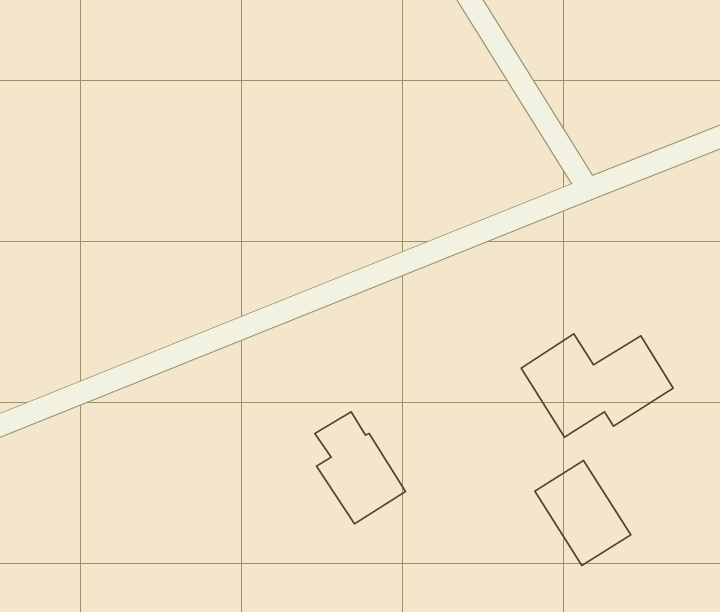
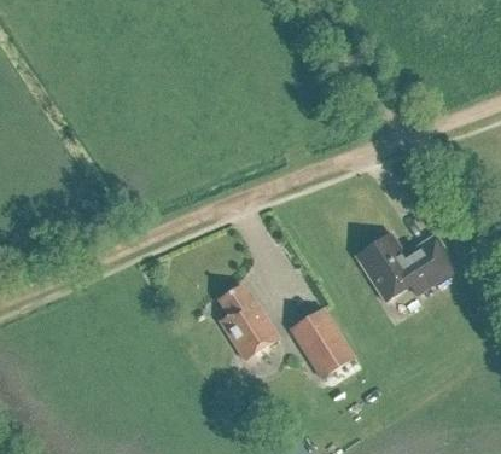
building: [535,461,631,566] -> [291,308,355,378]

